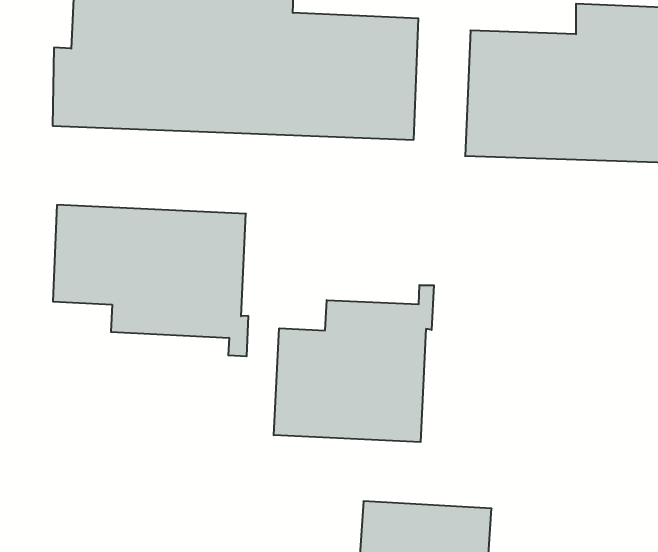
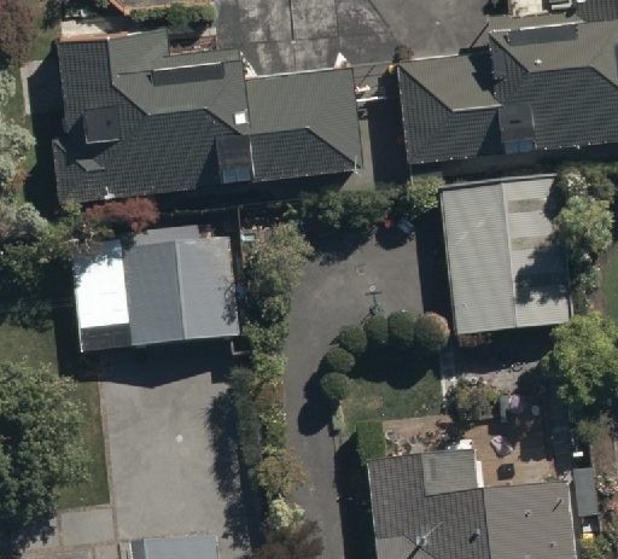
building: none -> [439,187,572,345]
building: [274,285,434,442] -> none

